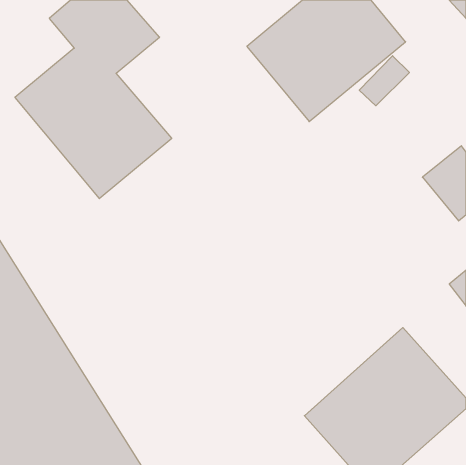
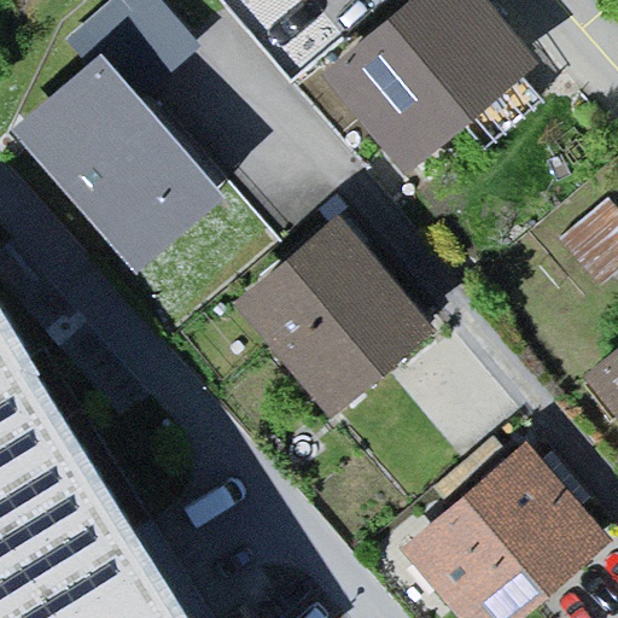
building: none -> [231,212,443,425]

